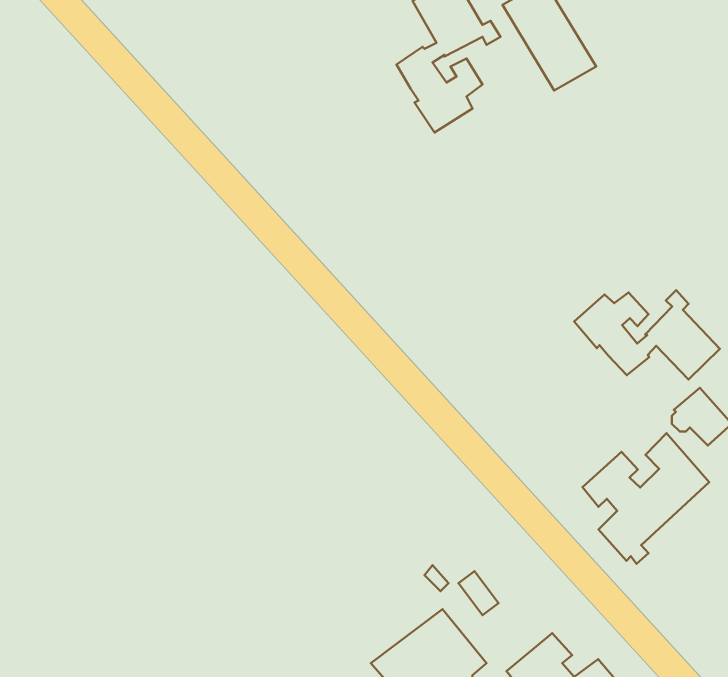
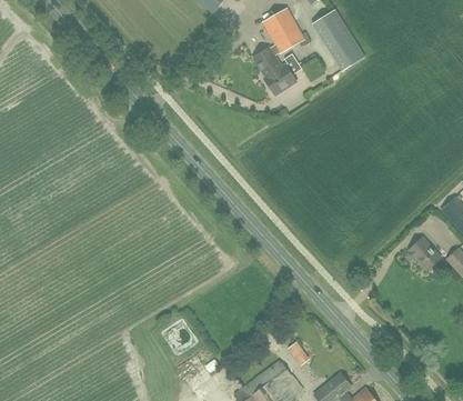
building: [574,290,720,379] -> none
building: [583,433,709,564] -> none

